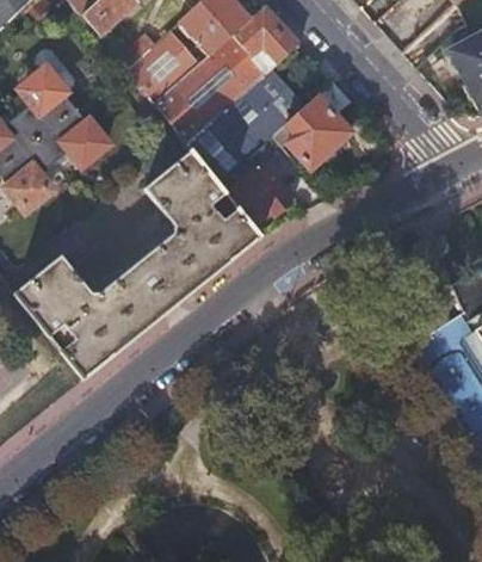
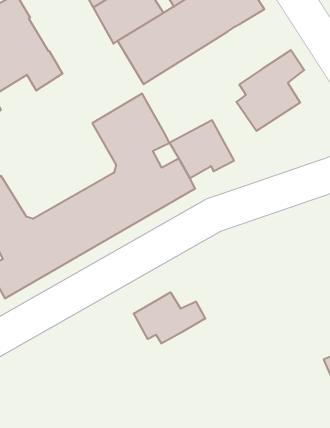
building: [185,67,307,185] -> none
building: none -> [134,292,205,344]

